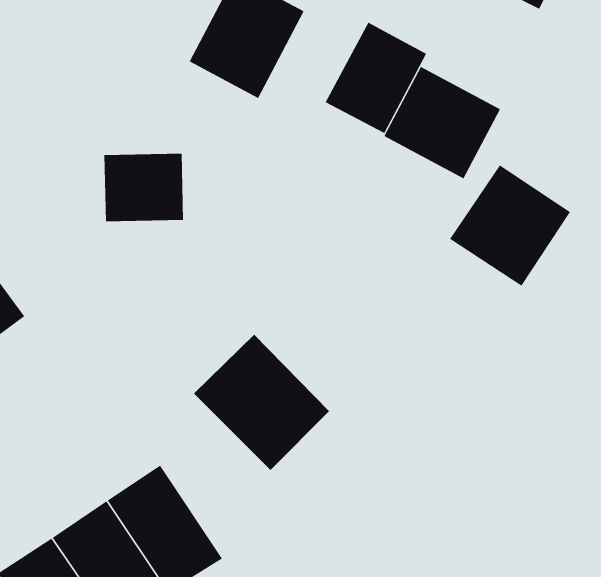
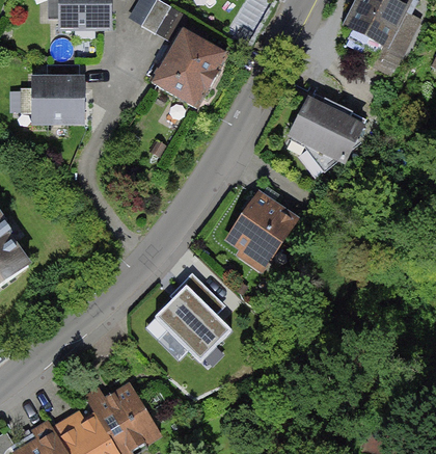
building: [325,22,427,134] -> none
building: [104,153,184,222] -> [27,77,83,125]
building: [449,165,571,287] -> [219,183,304,268]

